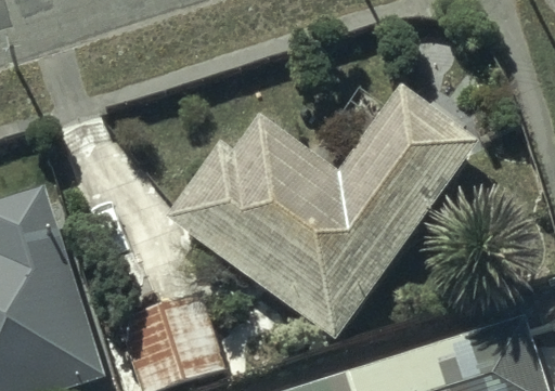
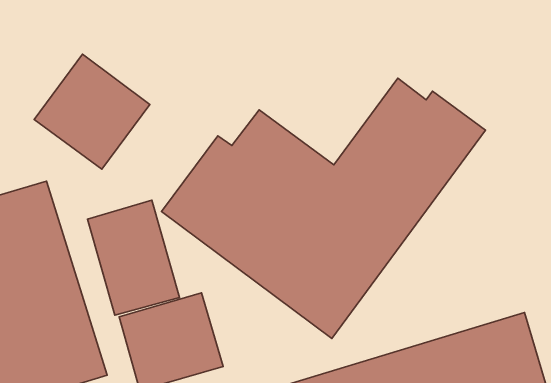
building: none -> [34,54,150,169]
building: none -> [88,200,180,315]

